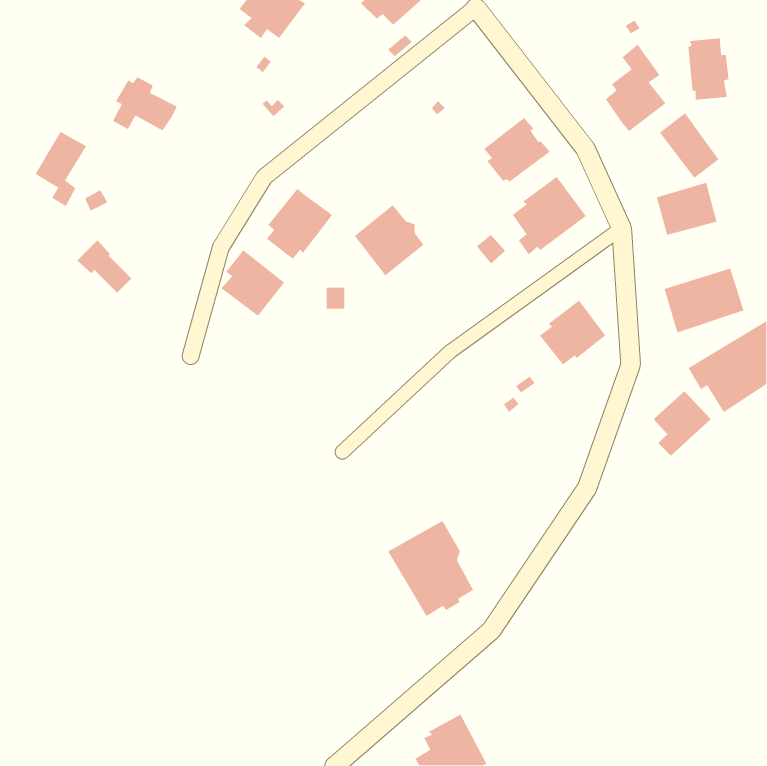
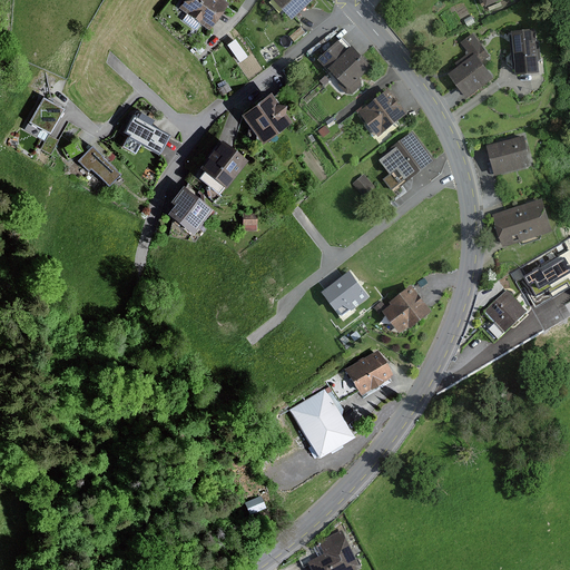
building: none -> [317,37,374,94]
building: [112,76,178,132] -> [119,112,168,154]
building: [659,112,720,179] -> none
building: [354,204,424,276] -> [238,91,291,145]
building: [77,239,132,294] -> [75,145,116,185]
building: [539,299,606,366] -> [382,284,432,333]
building: none -> [322,267,373,313]
building: none -> [342,350,390,395]

